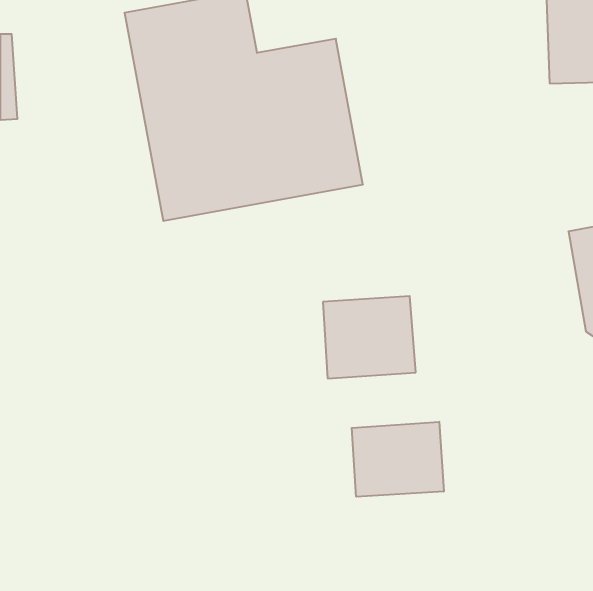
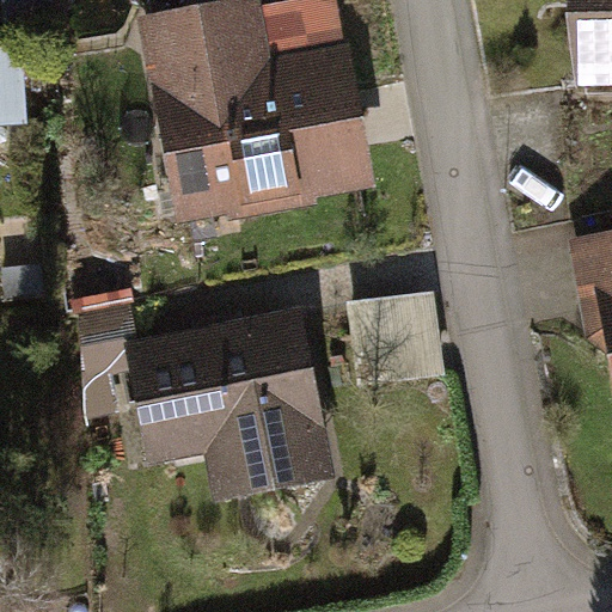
building: none -> [123,304,337,502]
building: [352,422,444,497] -> none

